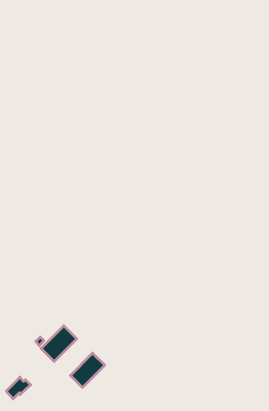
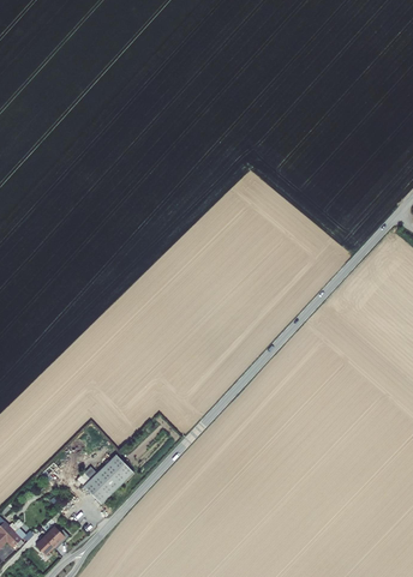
building: [70,353,105,387] -> none

